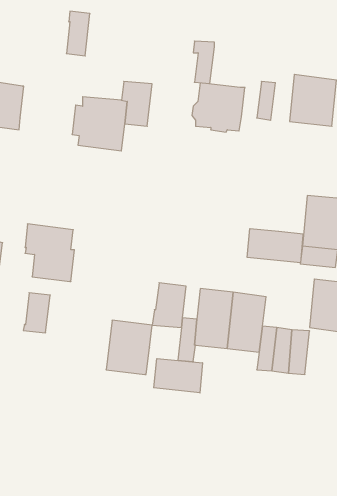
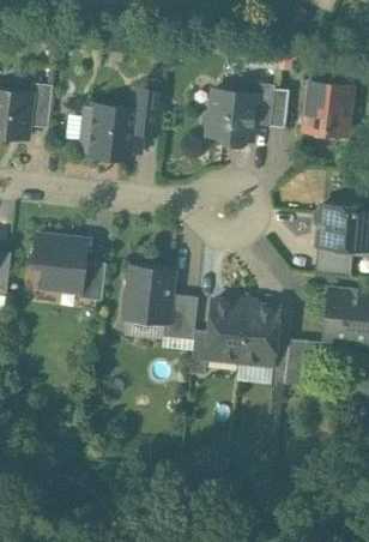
building: [66,11,90,56] -> [28,83,52,128]
building: [193,41,214,83] -> [252,83,273,126]
building: [247,229,303,263] -> none
building: [23,293,50,333] -> [77,260,104,301]
building: [106,320,152,374] -> [125,266,171,321]
building: [154,359,202,393] -> none

